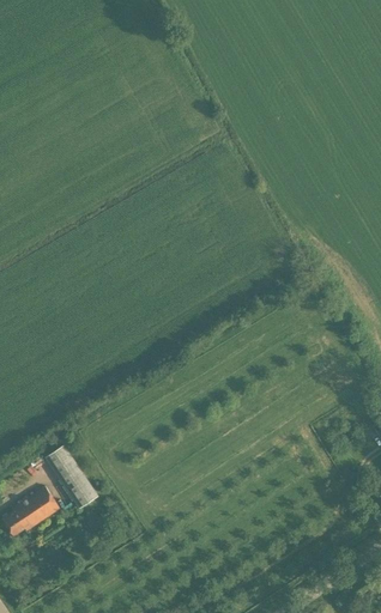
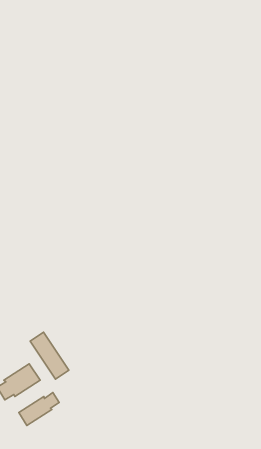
building: none -> [19,393,59,425]

